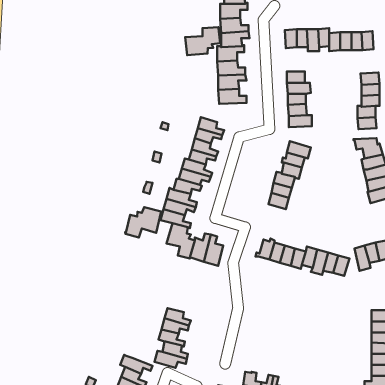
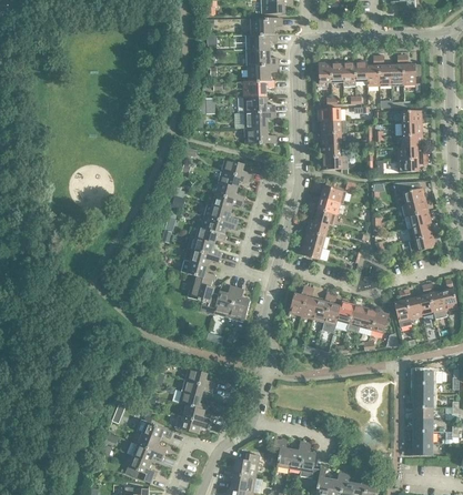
building: [185,27,220,55] -> none
building: [125,207,161,238] -> none

